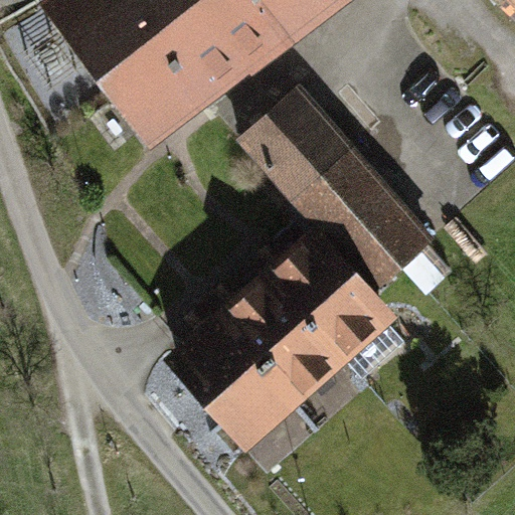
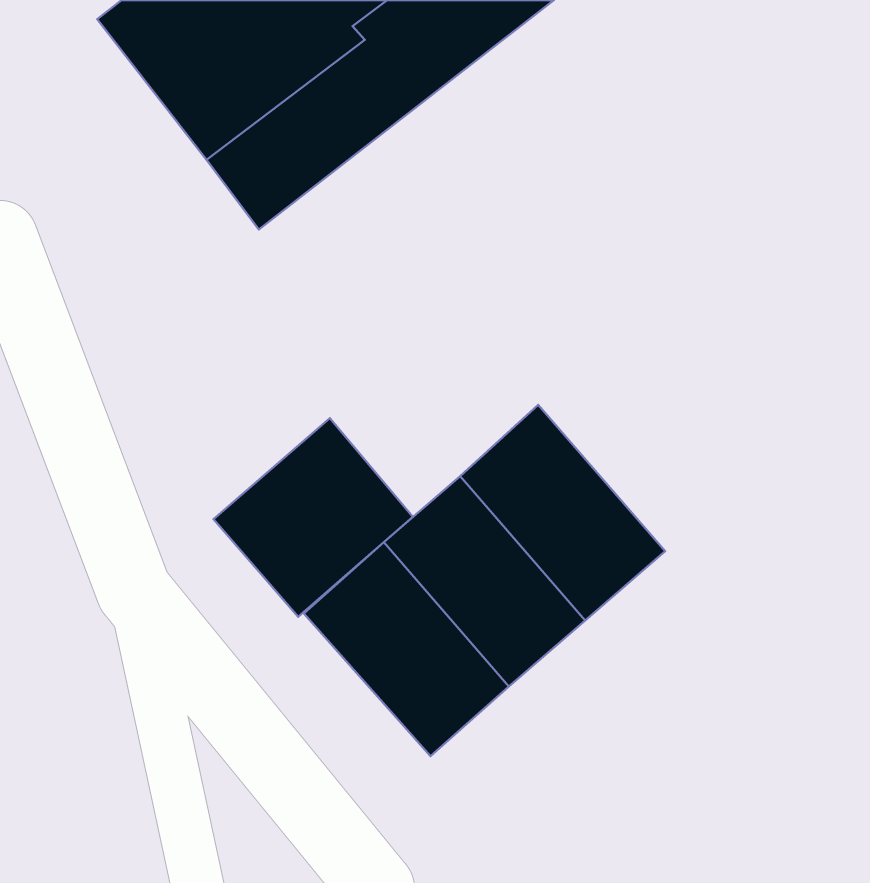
building: [251,110,439,292] -> none
building: none -> [213,418,413,617]

